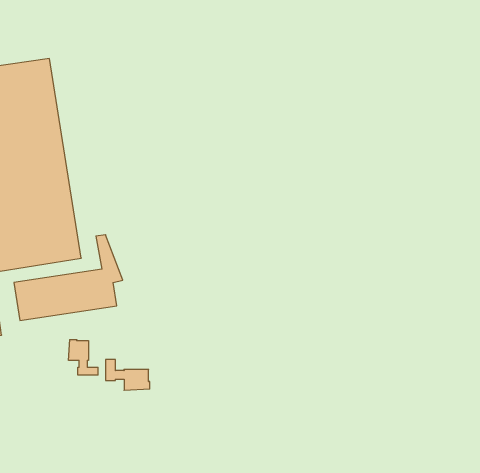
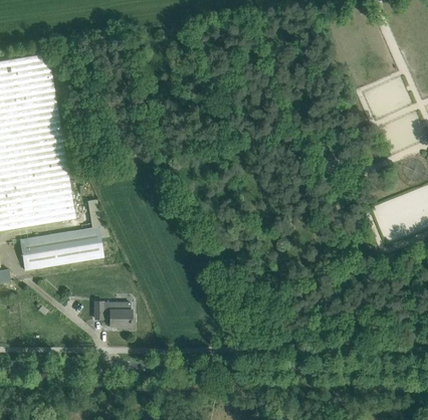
building: [69,340,98,375] -> none

